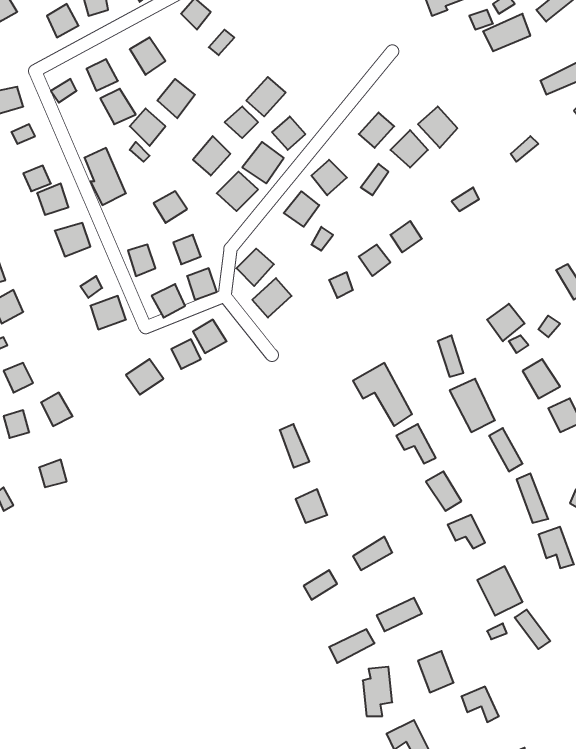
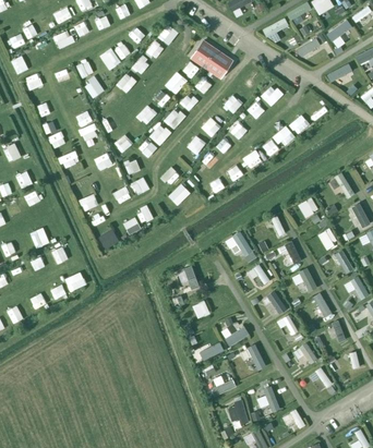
building: none -> [190,41,232,80]

